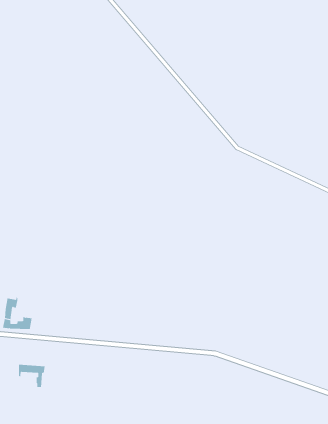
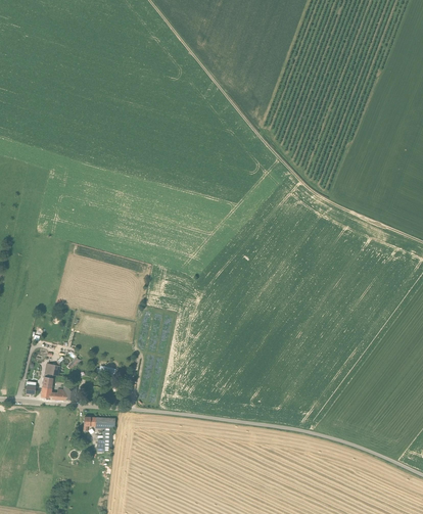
building: [18,364,46,387] -> [83,416,114,442]

